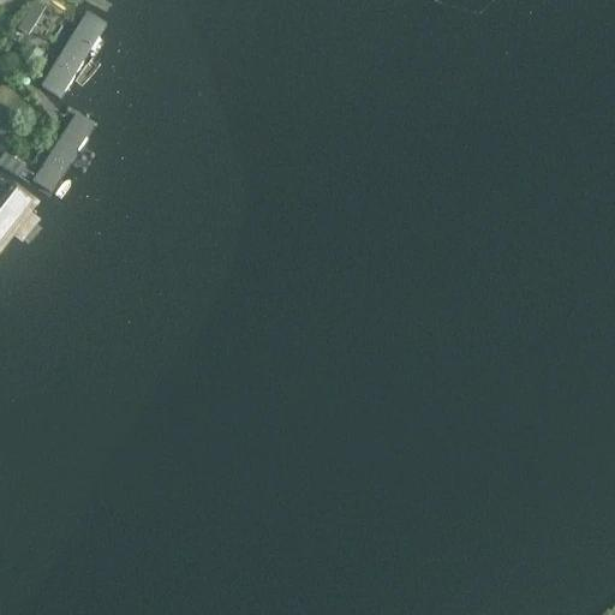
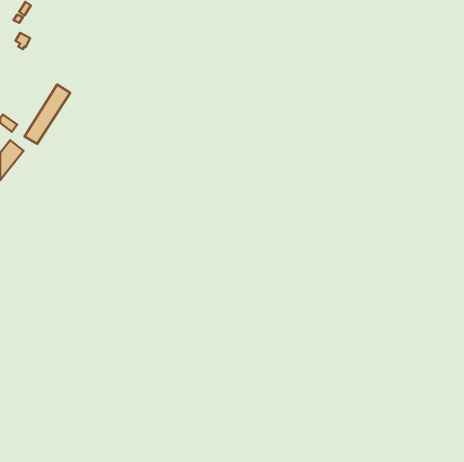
building: [42,18,101,95] -> none

